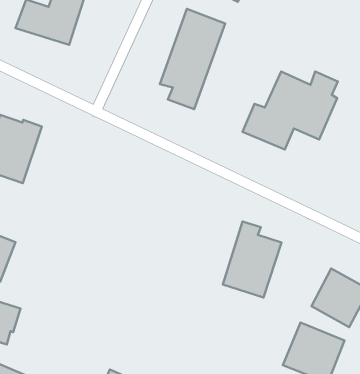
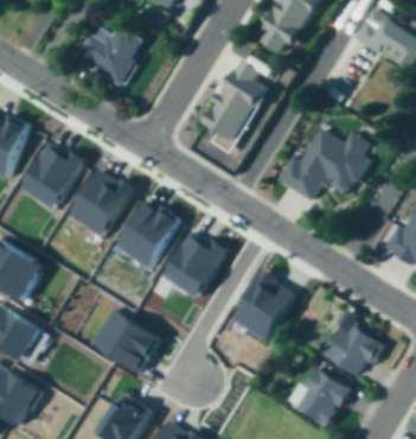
building: none -> [70,168,139,237]
building: none -> [117,201,184,268]
building: none -> [164,228,229,299]
building: none -> [92,307,165,373]

